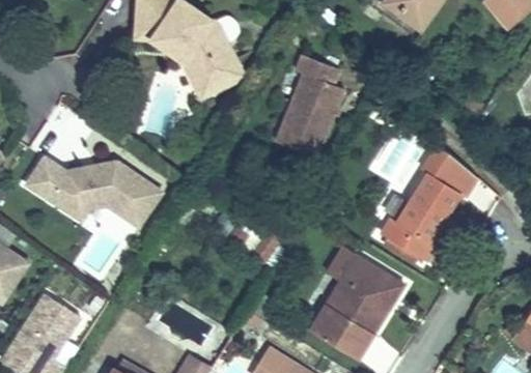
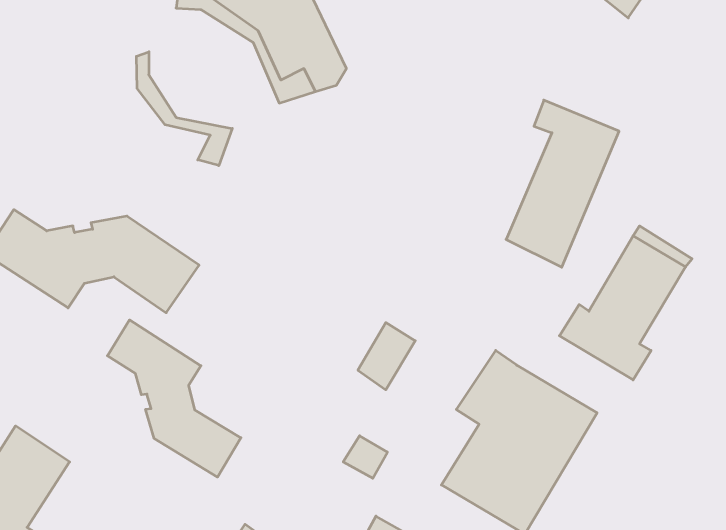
building: [279,45,351,150] -> [506,100,619,267]
building: none -> [136,52,232,166]
building: none -> [107,320,241,477]

